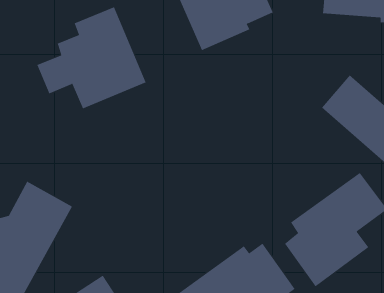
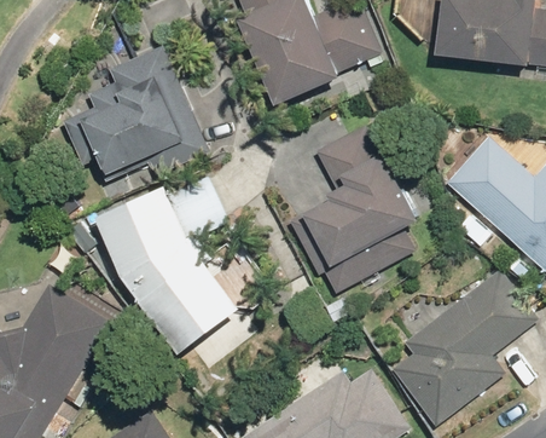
building: none -> [290,121,425,293]
building: none -> [104,188,250,351]

